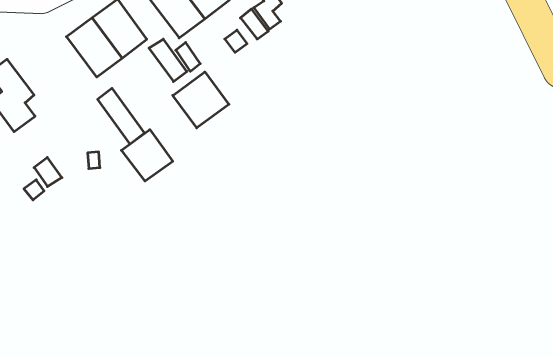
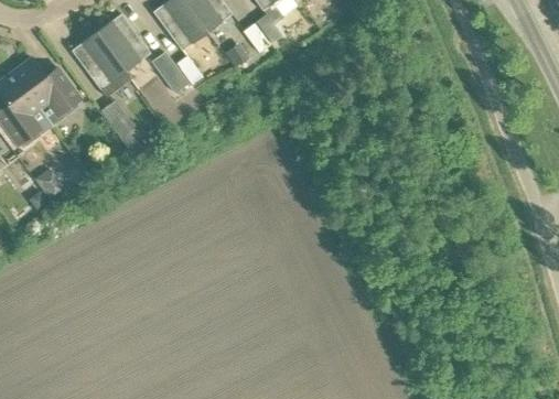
building: none -> [12,57,79,117]
building: [173,72,229,128] -> none
building: [121,130,173,181] -> none

